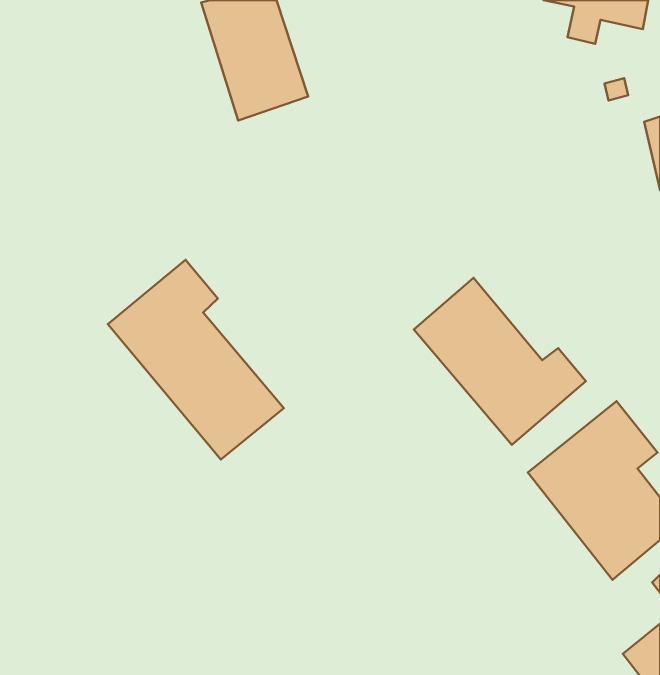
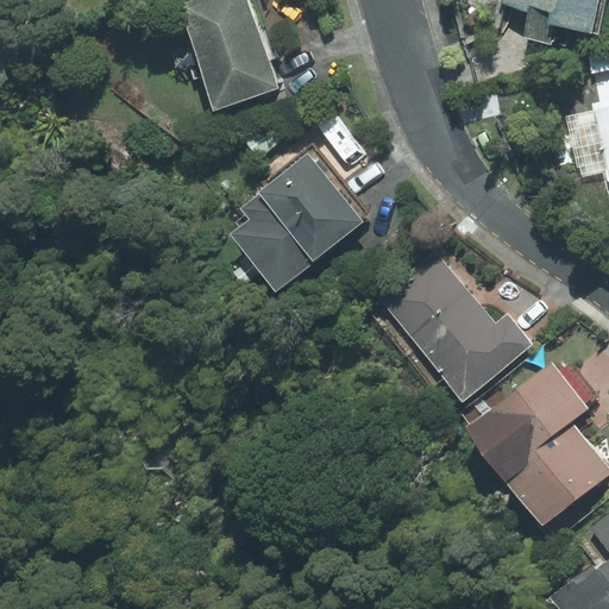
building: none -> [234,150,364,287]
building: [108,260,284,460] -> none

